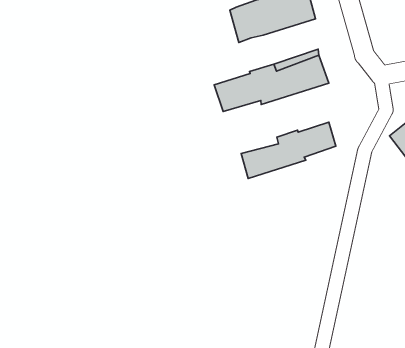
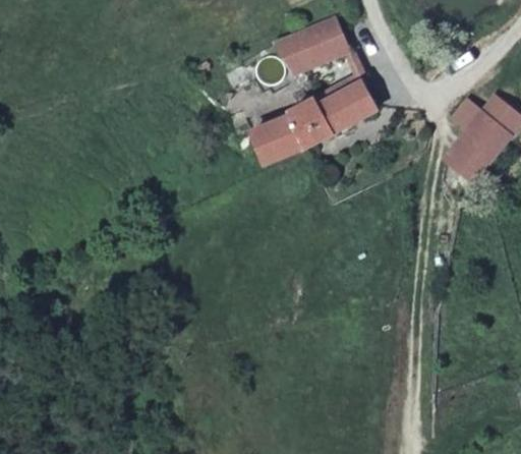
building: [241,122,336,178] -> none

